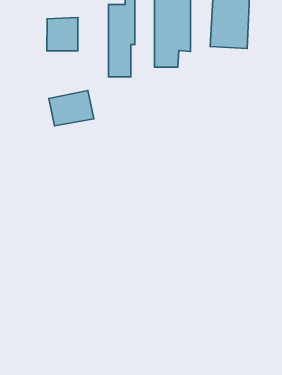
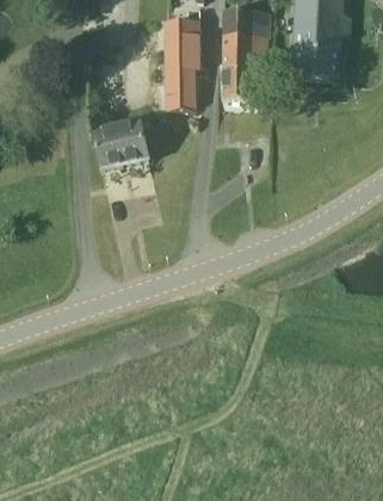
building: [47,18,78,51] -> none

